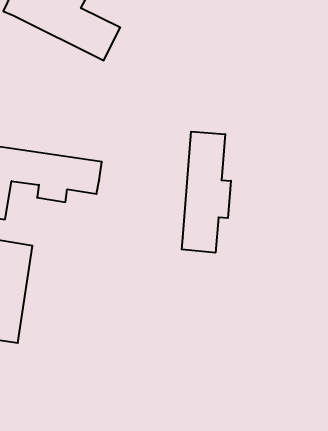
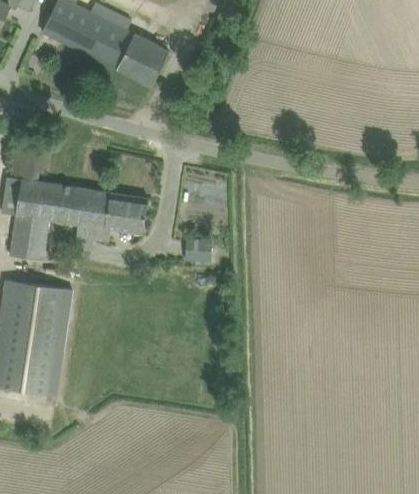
building: [182,132,231,253] -> none
building: none -> [184,240,210,264]

